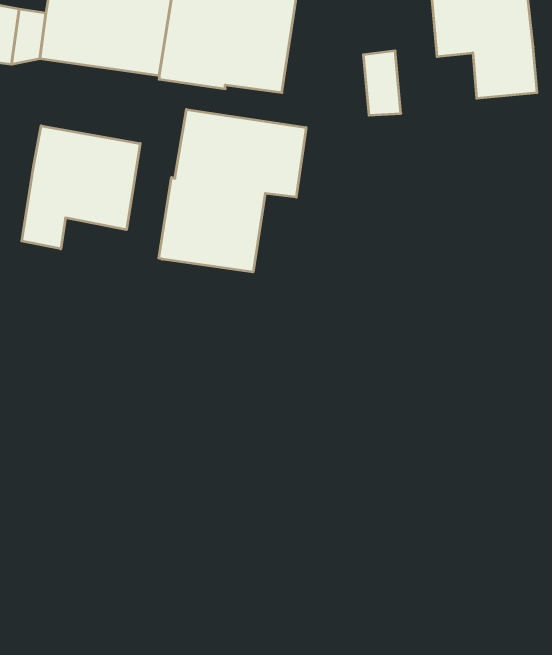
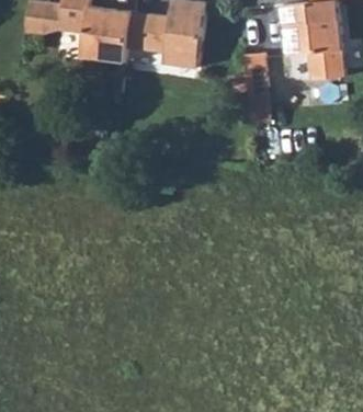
building: [159,109,306,272] -> none
building: [22,126,140,249] -> none

